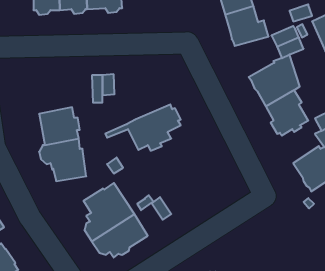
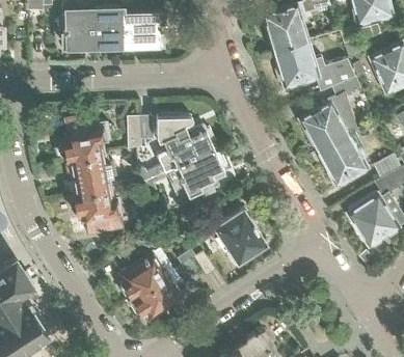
building: none -> [59,116,111,162]
building: none -> [138,117,215,184]
building: none -> [205,210,265,263]

